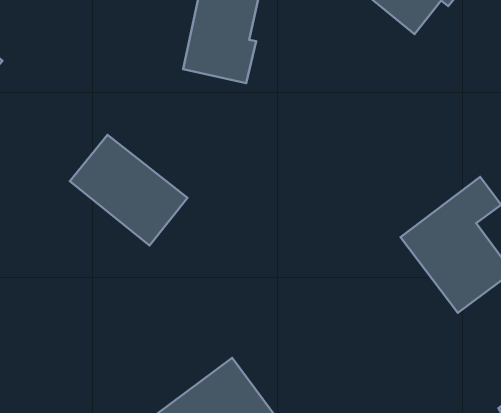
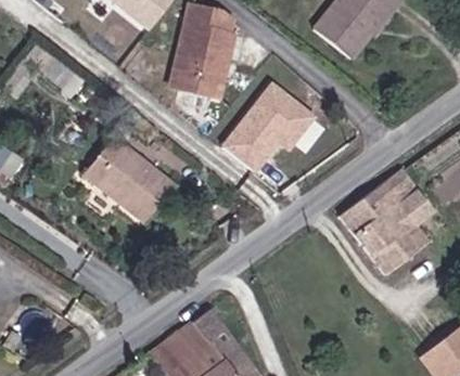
building: none -> [217,76,317,171]

